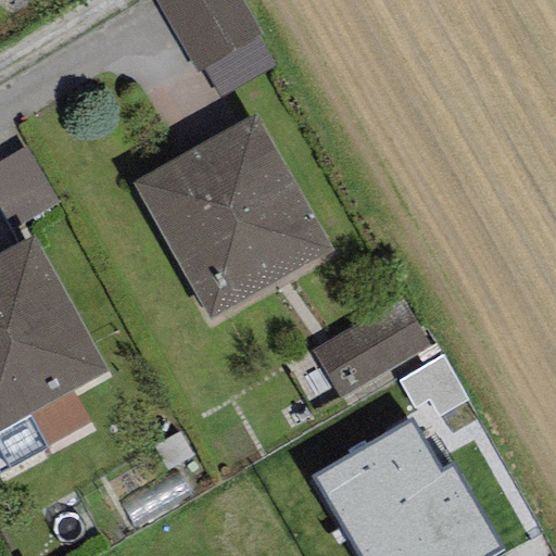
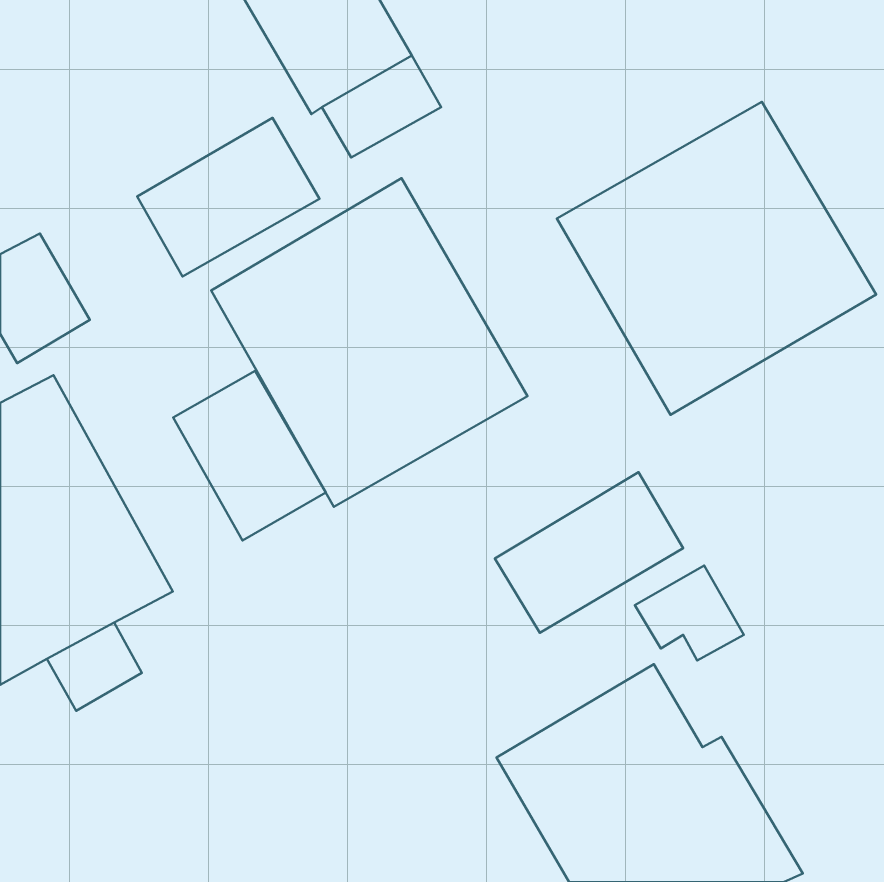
building: none -> [557,102,876,415]
building: none -> [137,118,320,277]
building: none -> [173,371,326,541]

